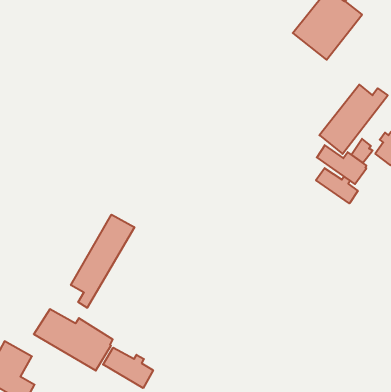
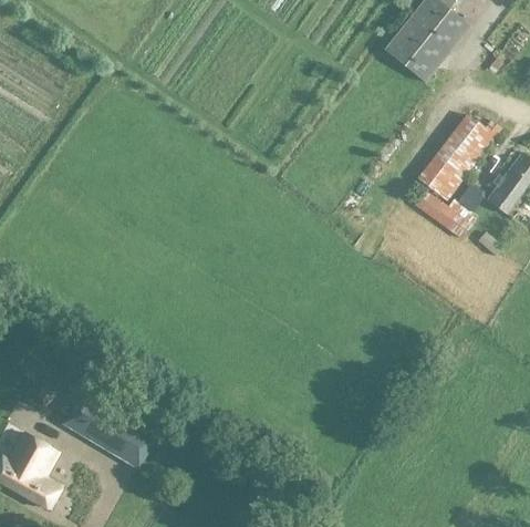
building: [316,168,358,203] -> none
building: [71,215,134,308] -> none
building: [103,348,153,388] -> none

